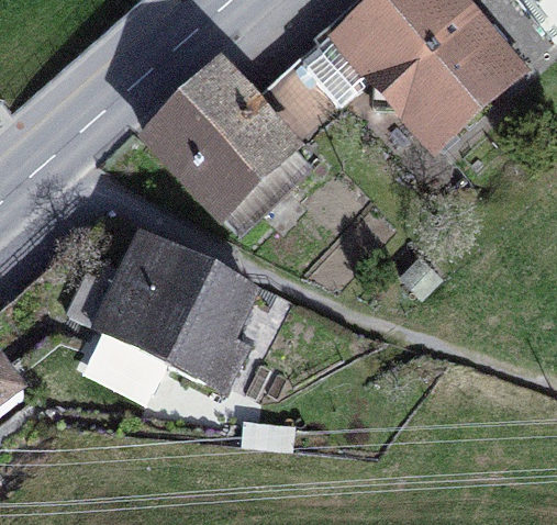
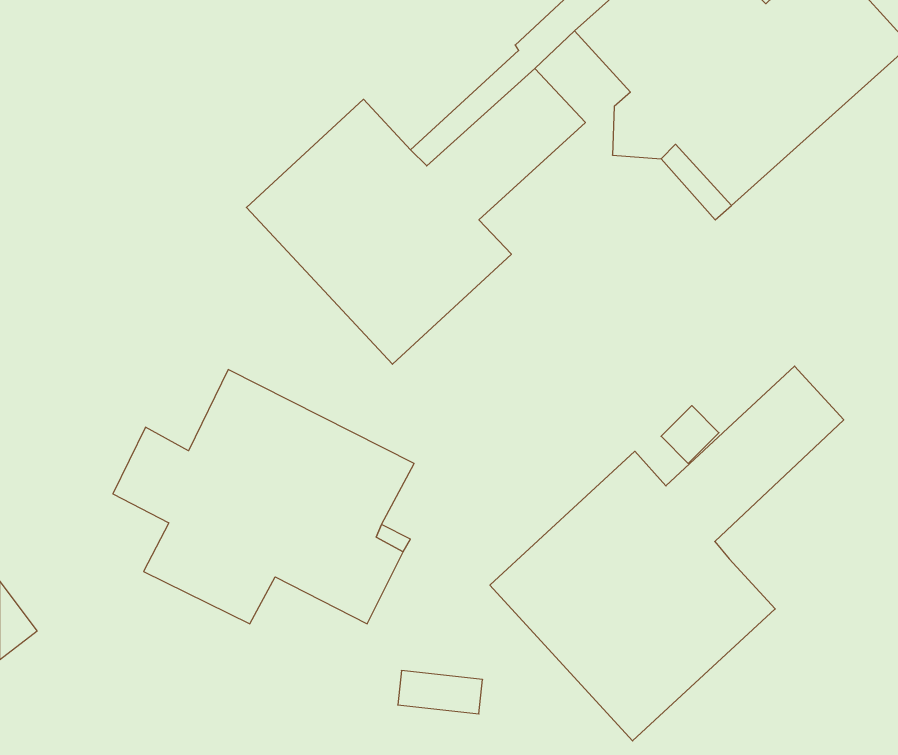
building: none -> [490,366,844,741]

